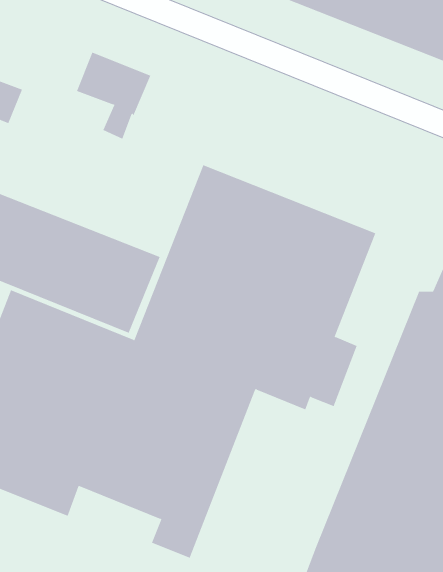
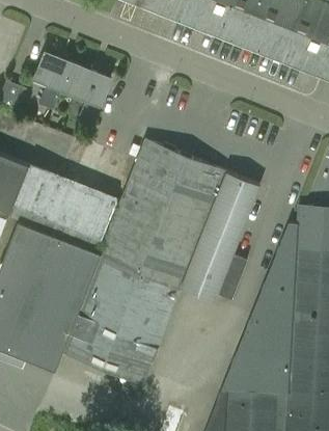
building: none -> [32,52,71,110]

